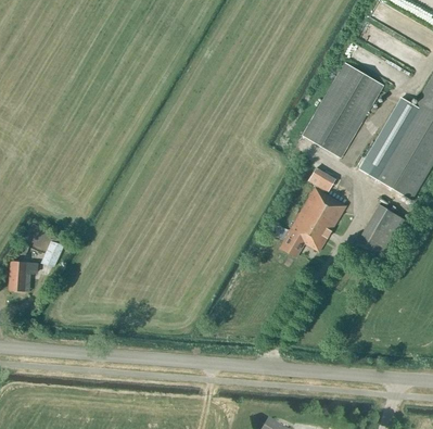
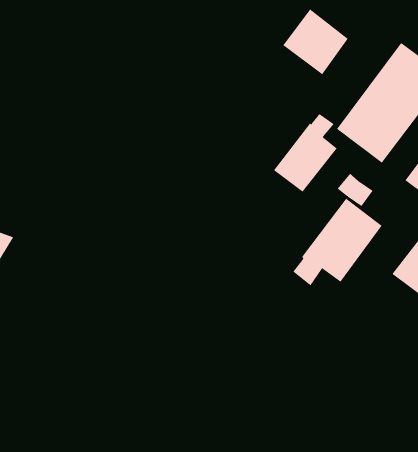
building: none -> [283,9,348,75]
building: none -> [273,113,338,193]

